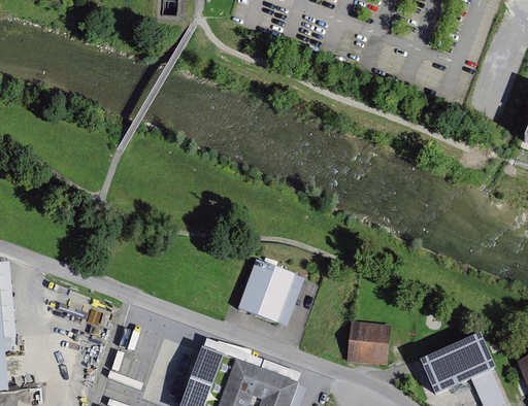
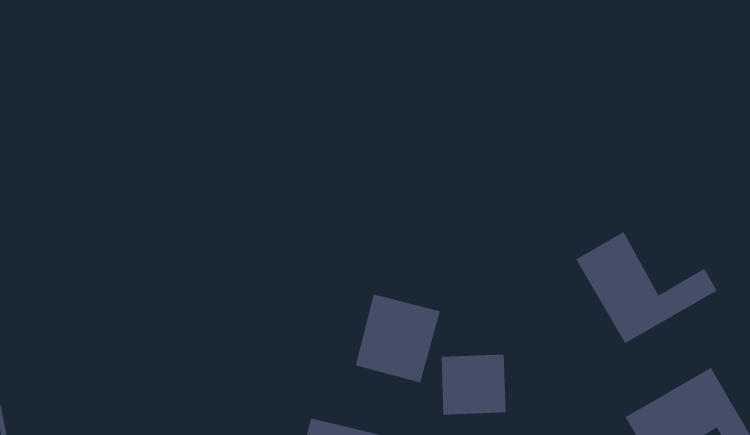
building: none -> [575,231,718,344]
building: [346,320,392,363] -> [441,354,506,415]

